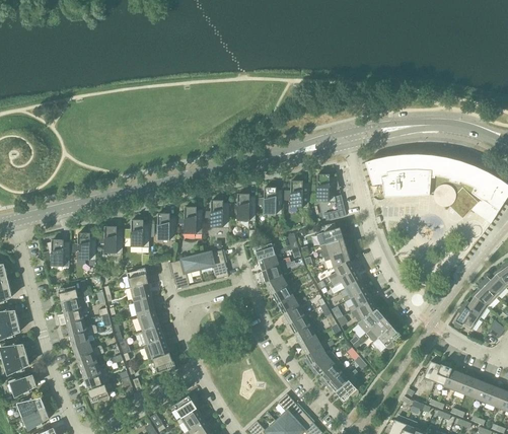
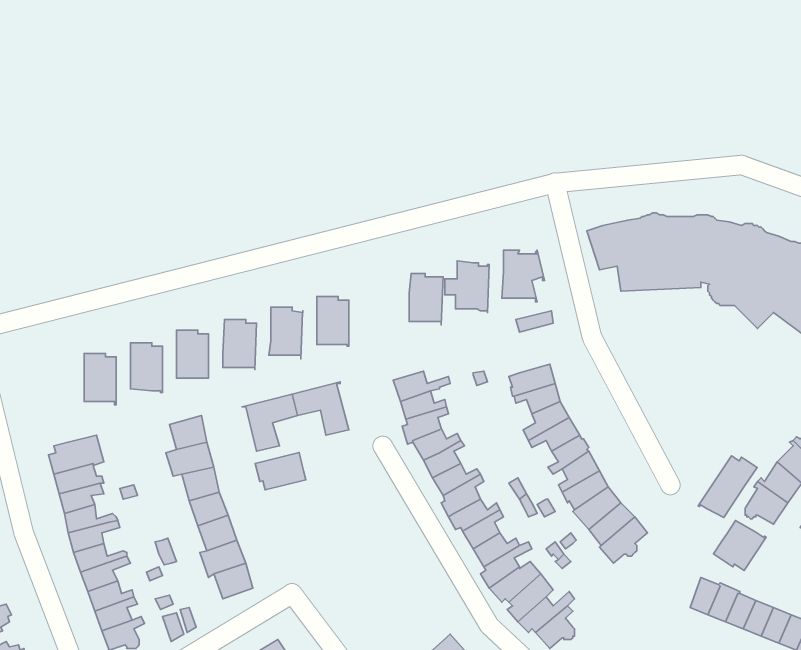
building: [237,194,256,223] -> none
building: [316,223,344,246] -> none
building: [45,239,70,269] -> none
building: none -> [255,453,306,490]
building: none -> [698,456,757,517]
building: none -> [713,521,766,571]

